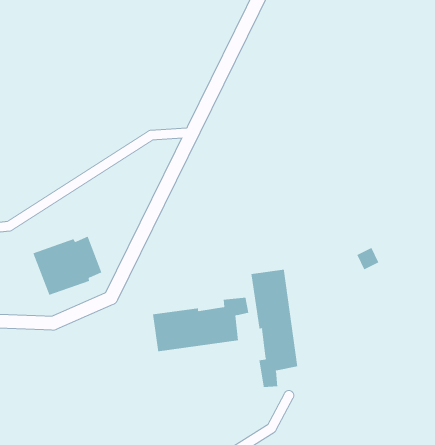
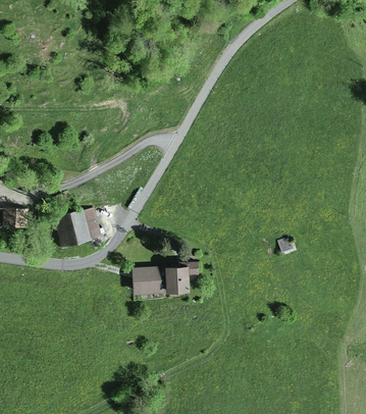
building: [251,269,298,388] -> none

